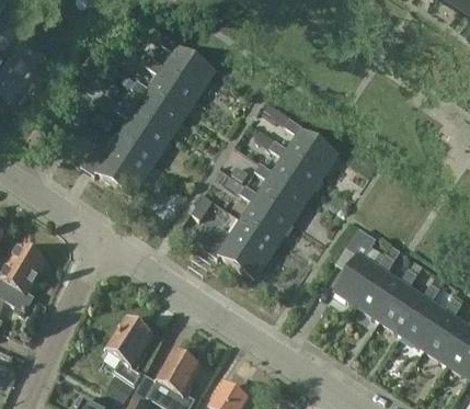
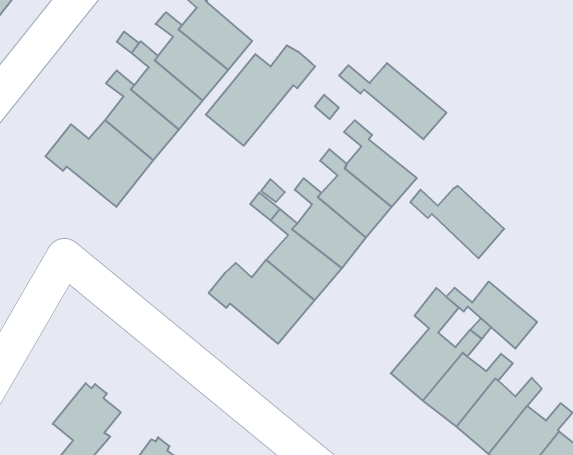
building: none -> [206,45,315,146]
building: none -> [339,63,446,139]
building: none -> [410,186,504,258]
building: none -> [446,282,537,349]

